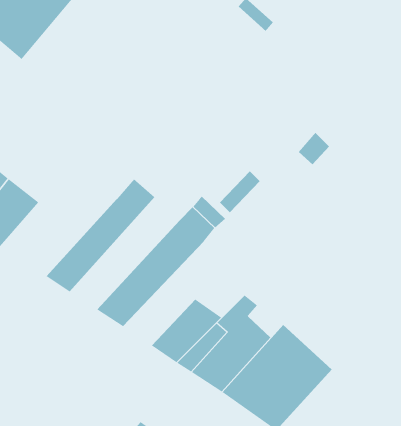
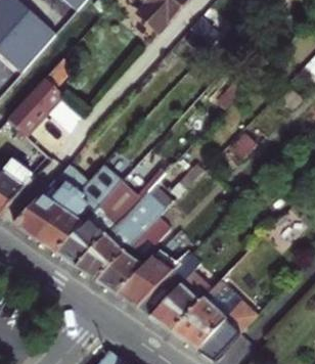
building: none -> [8,54,77,136]
building: none -> [14,163,92,241]
building: none -> [56,181,140,267]
building: none -> [97,215,172,294]

